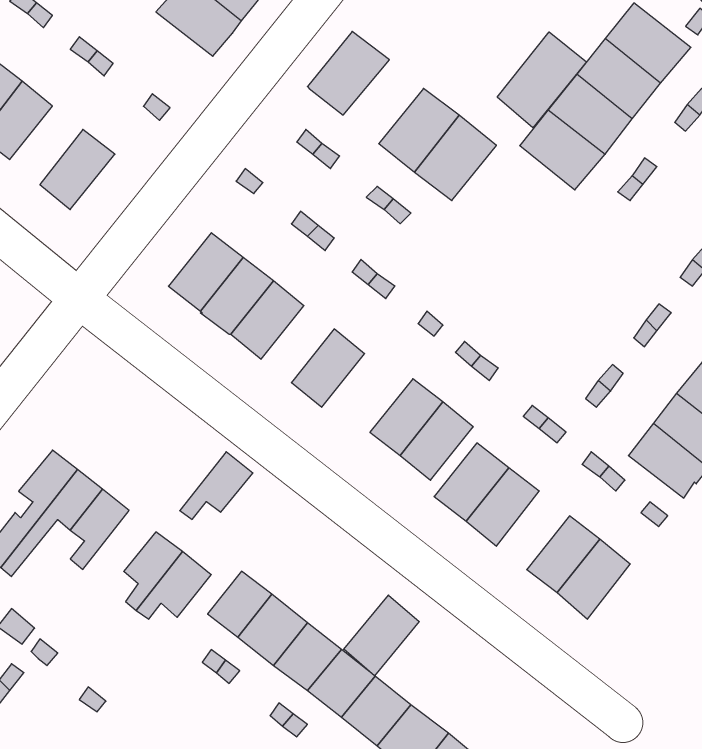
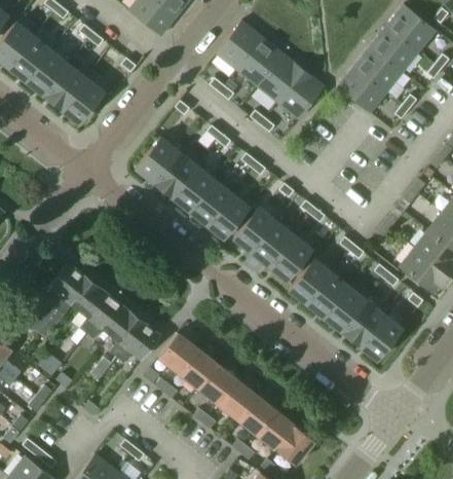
building: [497,32,587,128] -> none
building: none -> [236,37,282,85]
building: none -> [44,64,86,109]
building: none -> [189,179,231,223]
building: none -> [233,207,276,252]
building: [180,452,253,519] -> [86,297,128,336]
building: none -> [325,286,367,331]
building: [344,595,419,676] -> none

